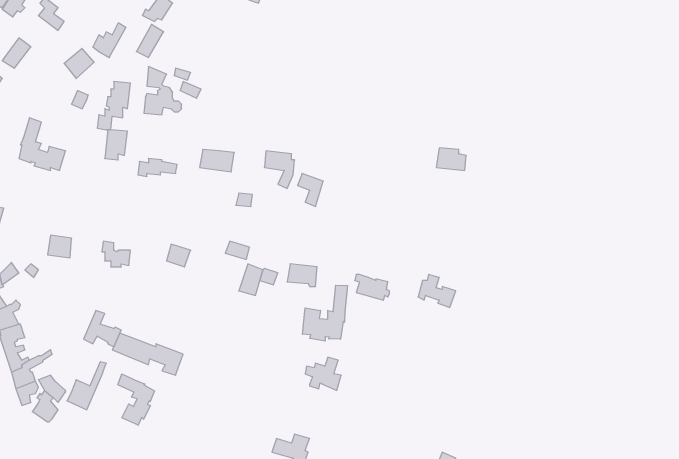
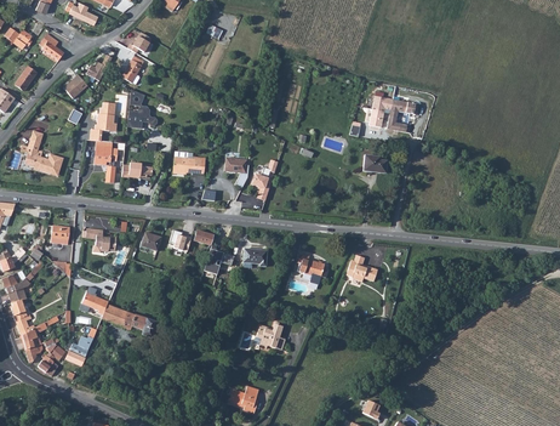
building: none -> [371,95,418,131]
building: [302,285,347,341] -> none
building: [118,374,154,425] -> none

